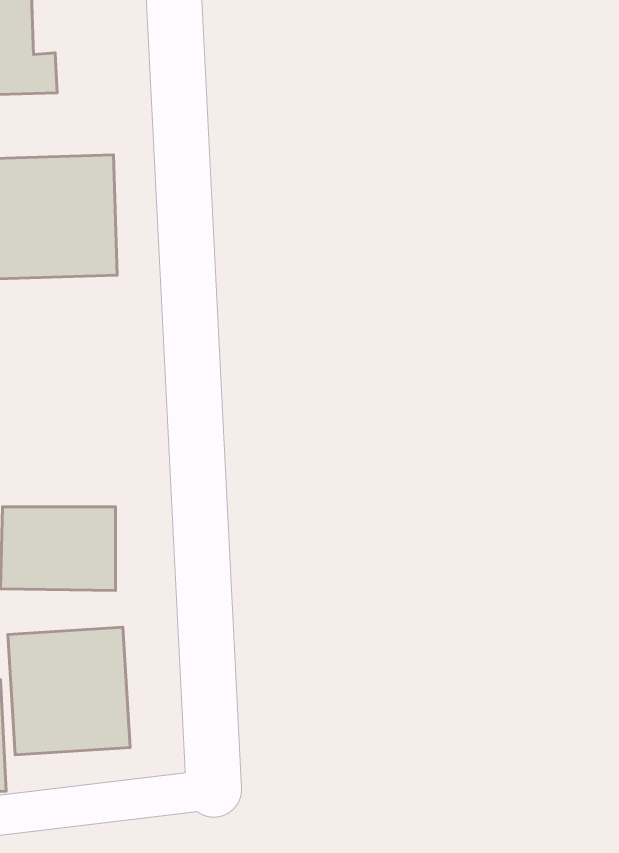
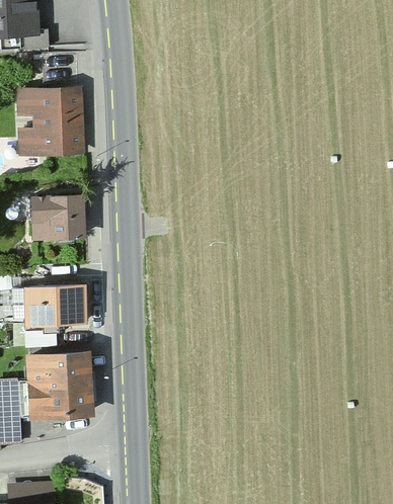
building: none -> [32,195,82,239]

